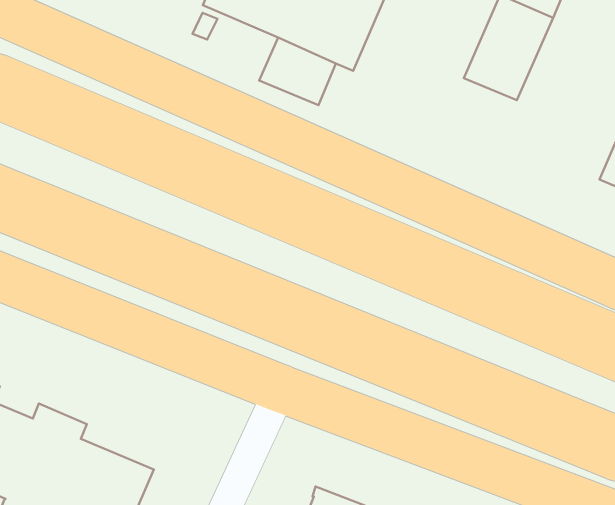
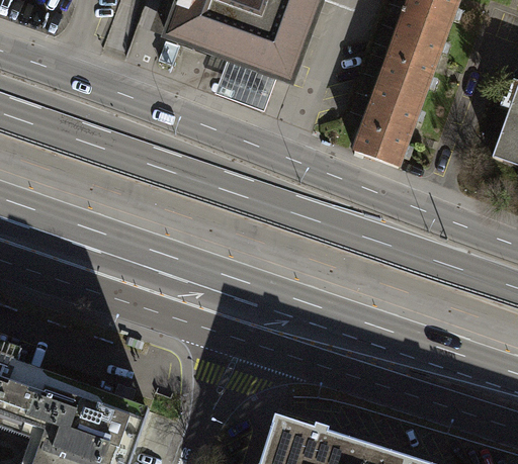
building: none -> [351,83,420,167]

